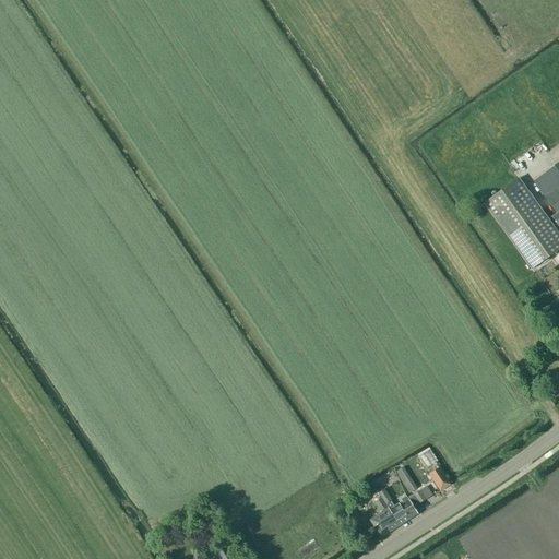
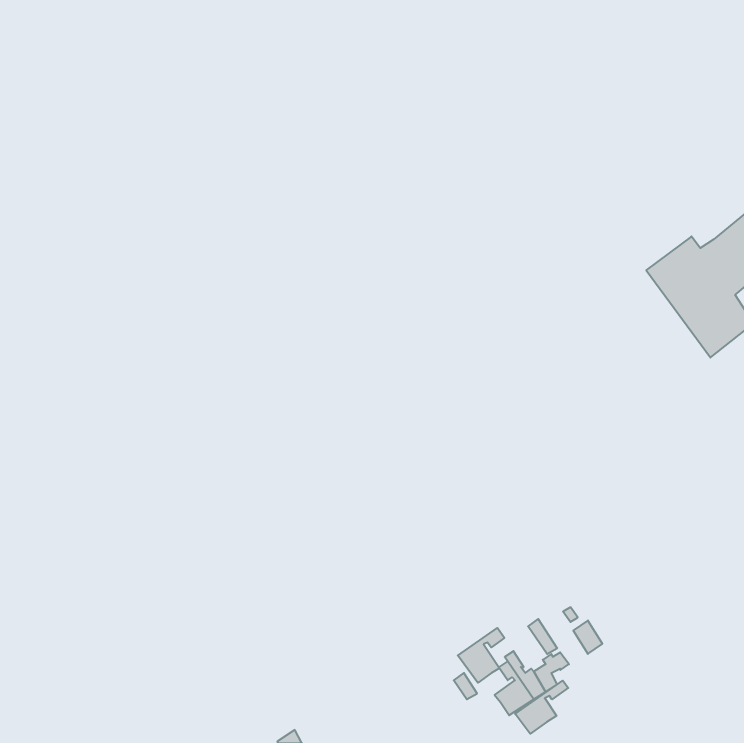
building: none -> [458,628,504,683]
building: none -> [515,681,568,734]

